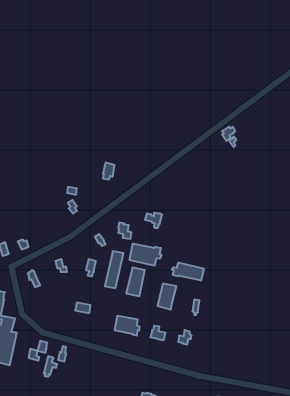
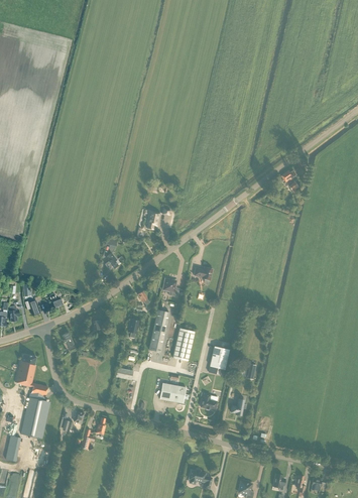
building: [129,243,161,266] -> none
building: [172,263,204,281] -> none

